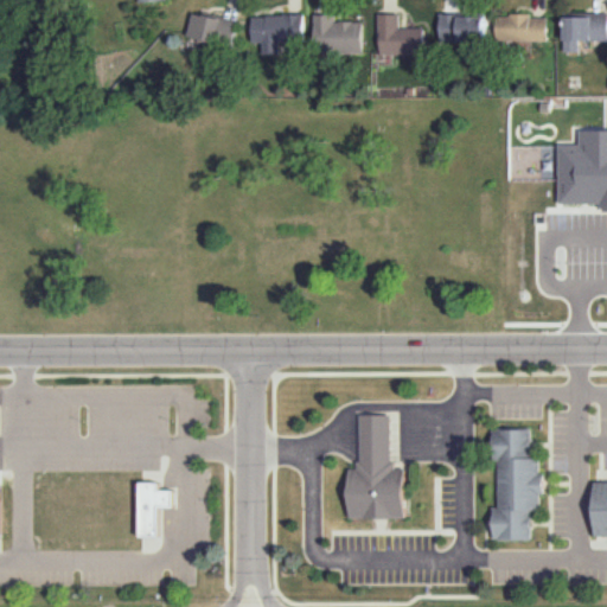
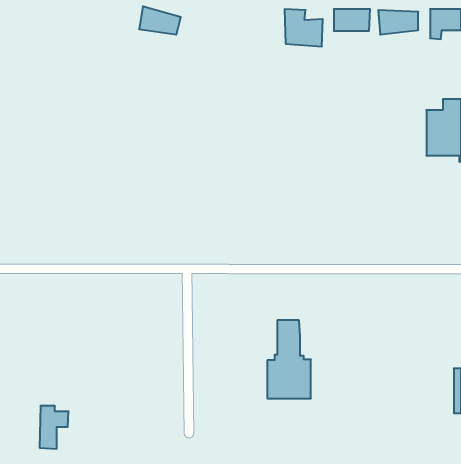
building: [247,11,300,65] -> none
building: [311,14,363,62] -> none
building: [491,432,544,541] -> none
building: [141,484,179,539] -> [40,406,69,449]

